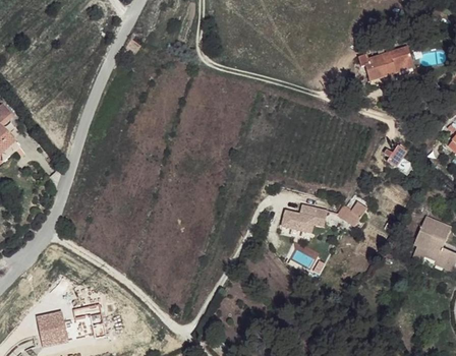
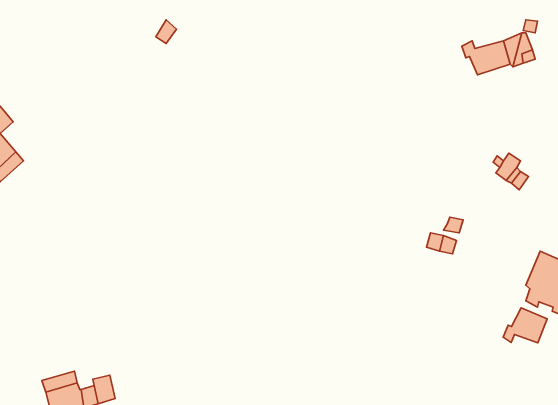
building: [279,202,328,233] -> none
building: none -> [503,308,547,343]

